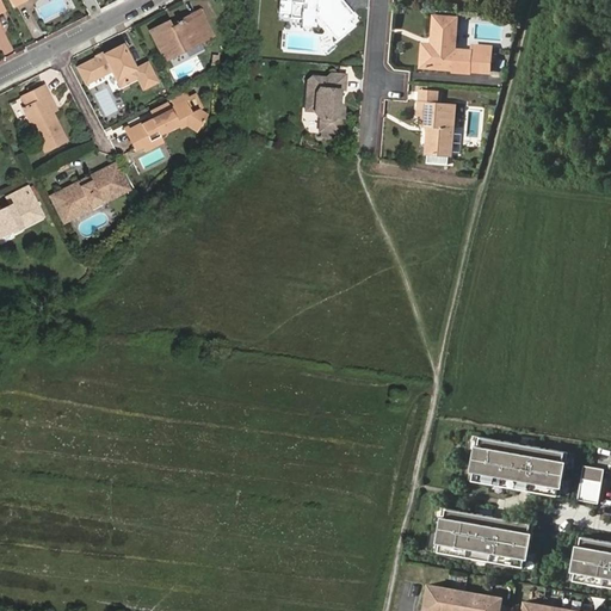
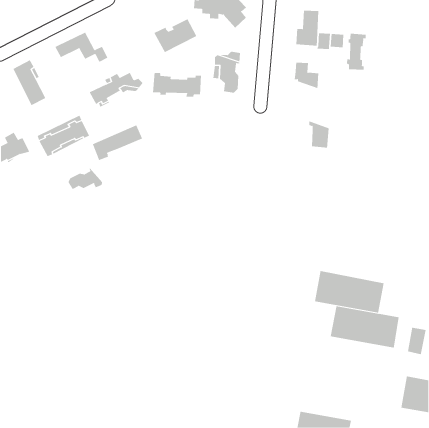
building: [150,11,212,60] -> [154,19,197,53]
building: none -> [346,33,366,70]
building: none -> [153,72,202,98]
building: [422,116,452,155] -> [309,121,330,148]
building: none -> [92,125,143,161]
building: none -> [68,168,103,190]
building: [436,506,536,567] -> [314,270,385,313]

